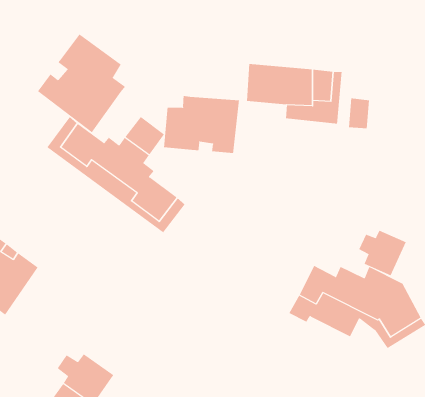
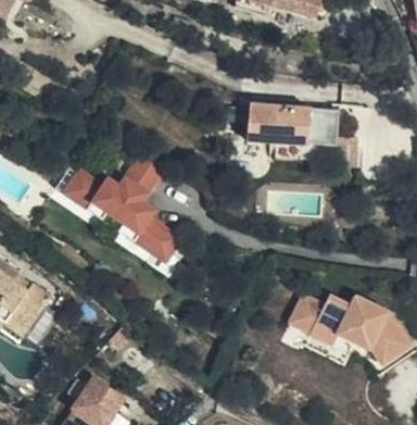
building: [37,34,126,133] -> none
building: [164,95,240,154] -> none
building: [359,230,407,276] -> none

